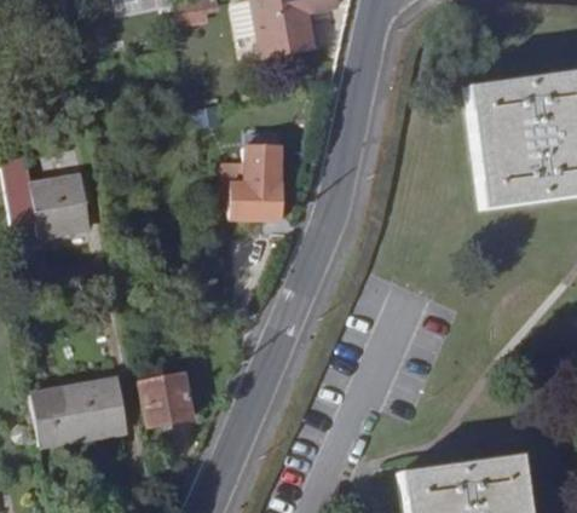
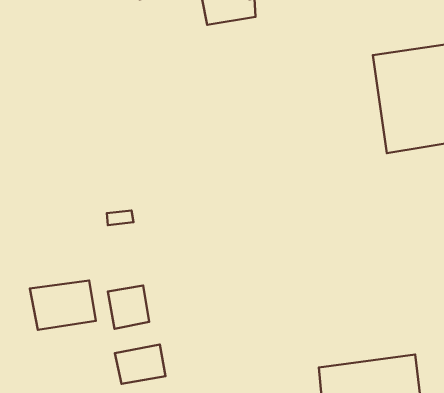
building: [223,148,283,221] -> none
building: [13,167,88,225] -> none
building: none -> [115,345,166,384]

